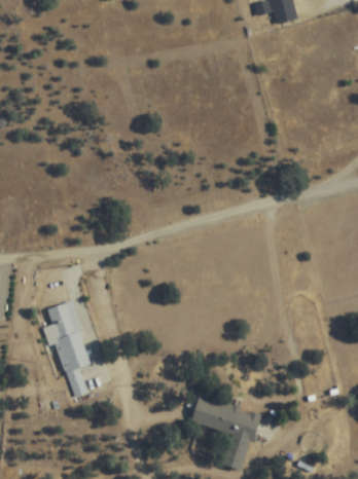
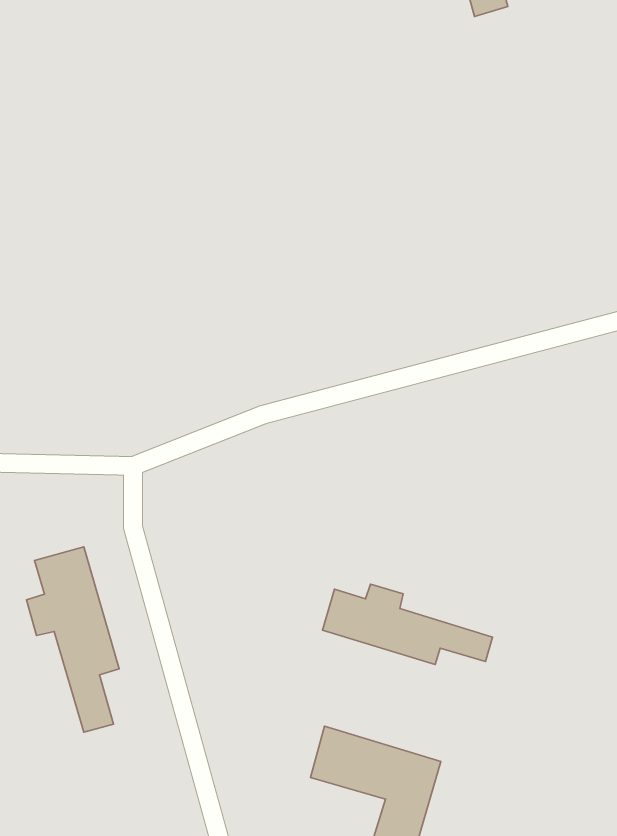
building: none -> [322,584,492,665]

